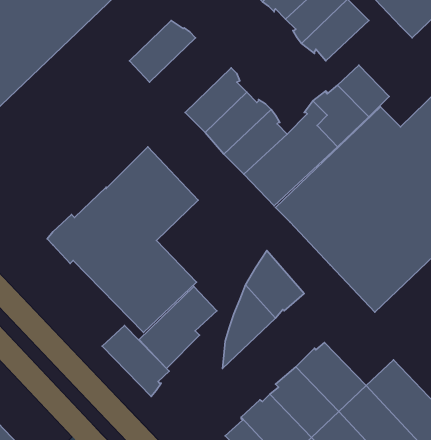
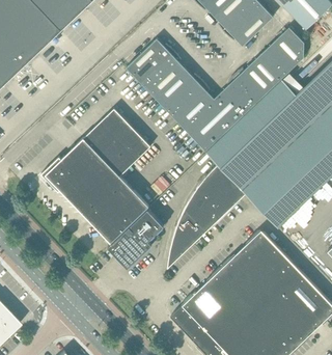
building: [129,20,196,82] -> [127,39,174,84]
building: none -> [267,28,304,73]
building: none -> [200,163,246,215]
building: none -> [242,229,292,281]
building: [102,326,169,397] -> none

